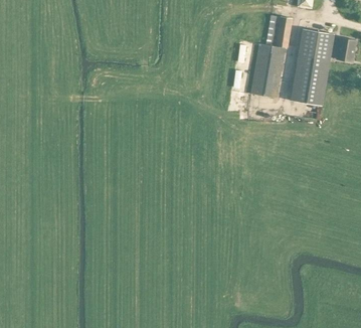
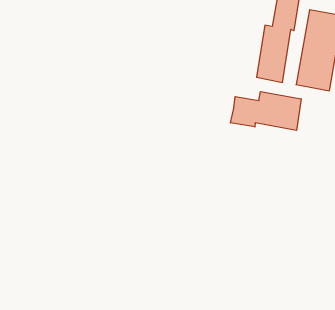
building: none -> [230,92,301,130]

